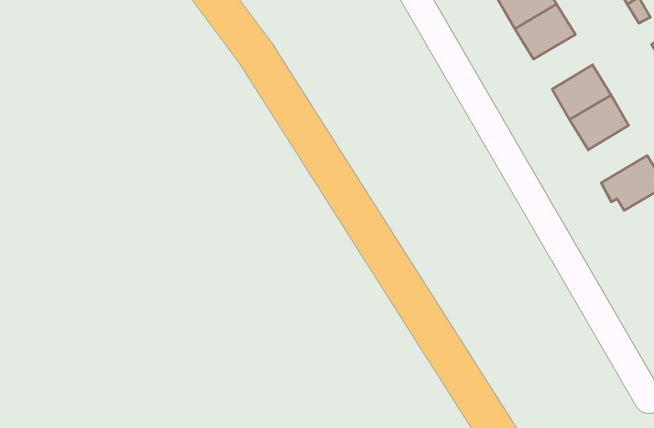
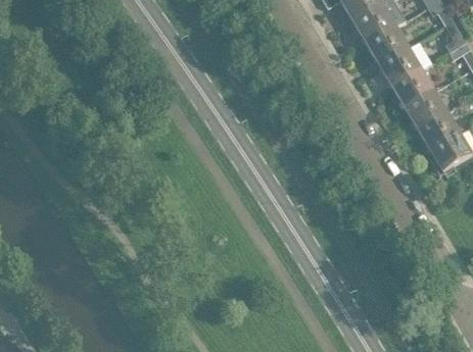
building: none -> [379,46,421,85]
building: none -> [418,110,460,151]

